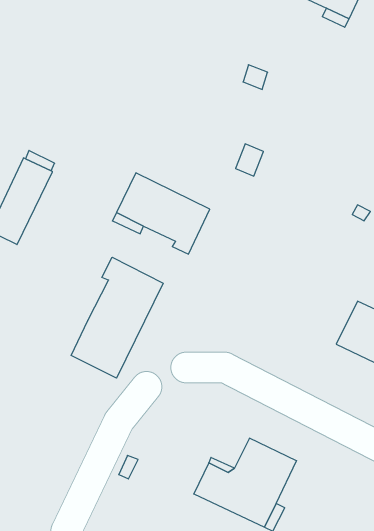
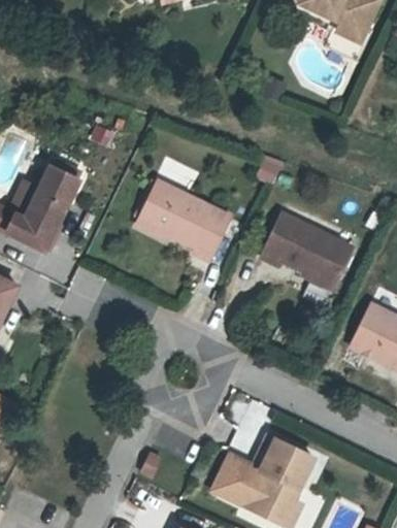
building: none -> [261,214,352,285]
building: [71,257,163,378] -> none

